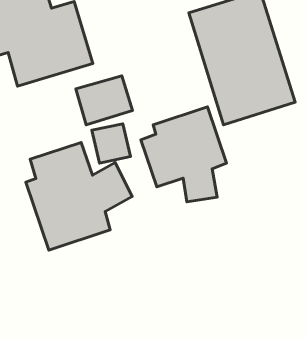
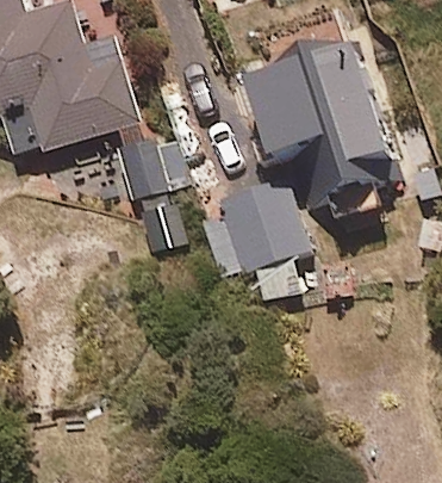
building: [26,142,132,250] -> none

